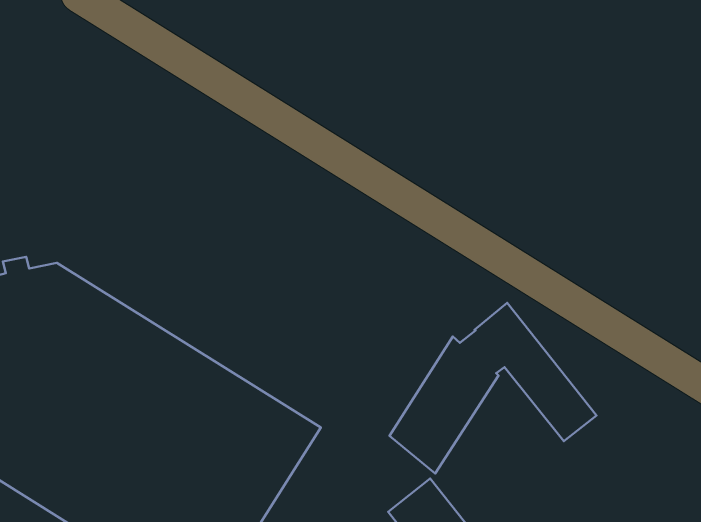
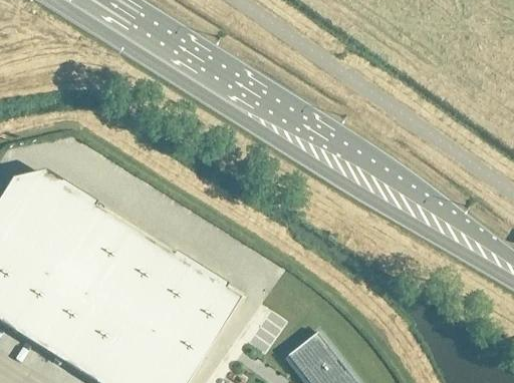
building: [389,303,596,473] -> none

